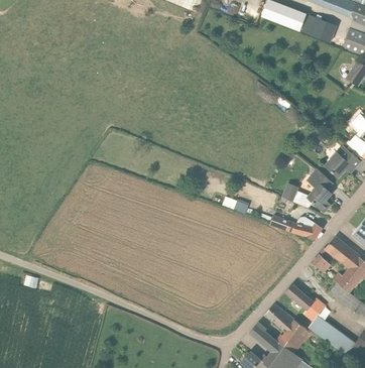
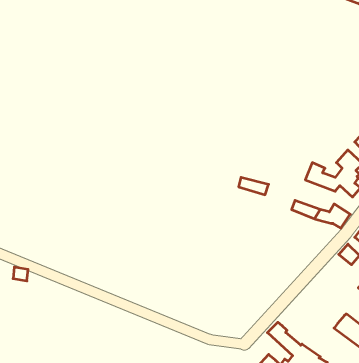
building: [285,283,325,319] -> none
building: [265,302,311,352] -> none

